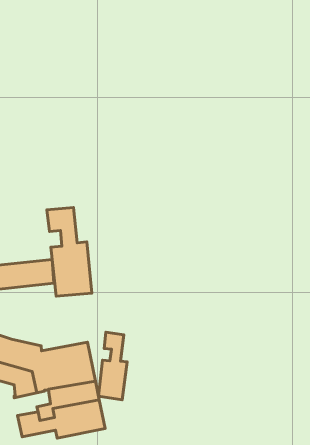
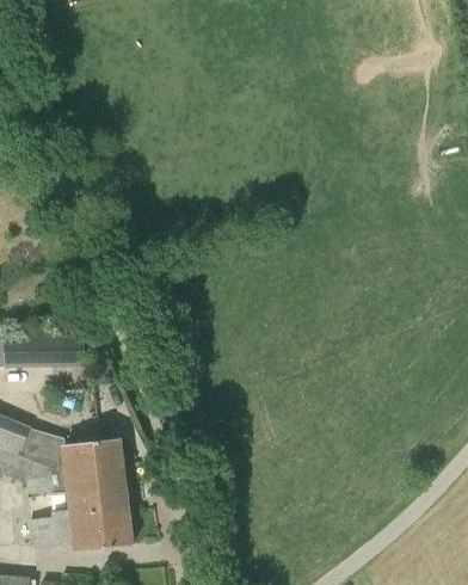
building: [47,207,92,296] -> none
building: [98,332,127,400] -> none

